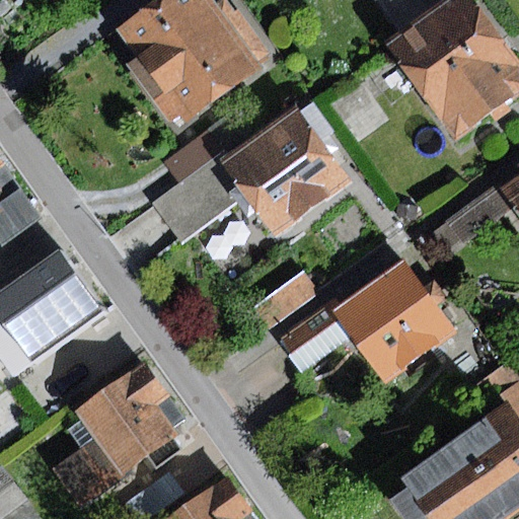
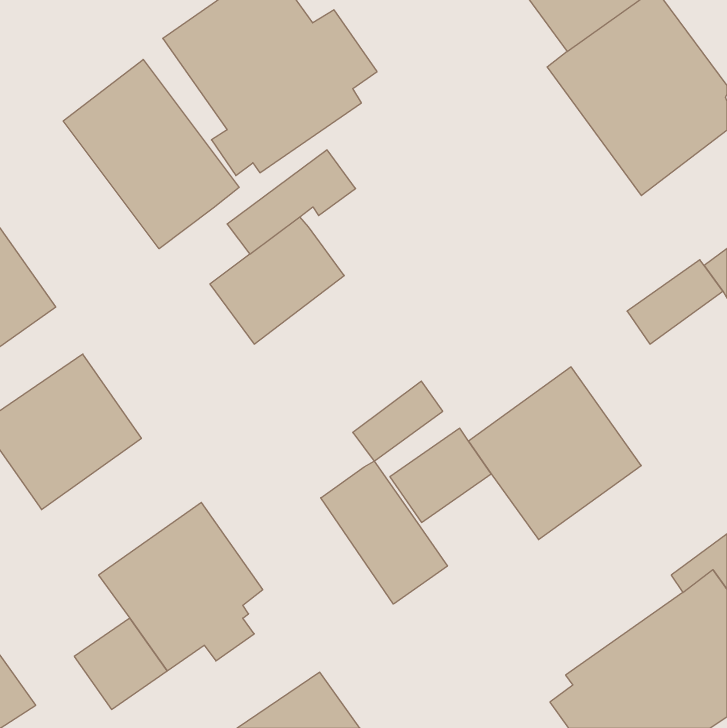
building: none -> [63,59,239,249]
building: [219,102,350,237] -> none
building: none -> [321,461,447,604]

